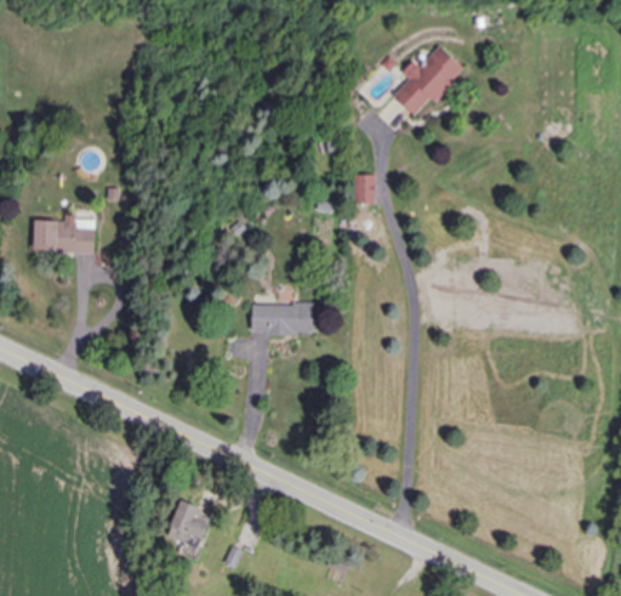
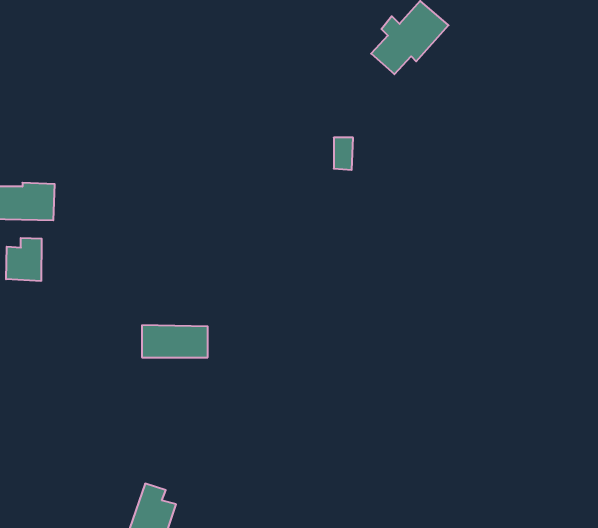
building: none -> [6,238,42,281]
building: [251,303,313,334] -> [142,325,208,357]

